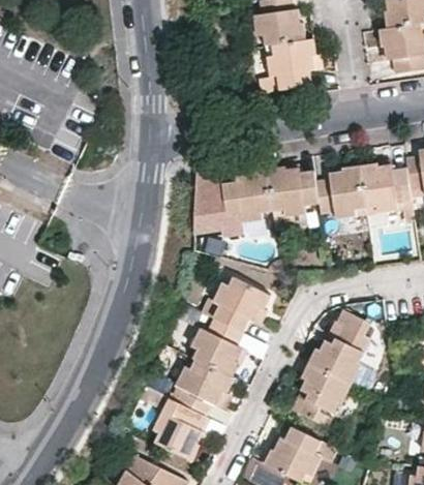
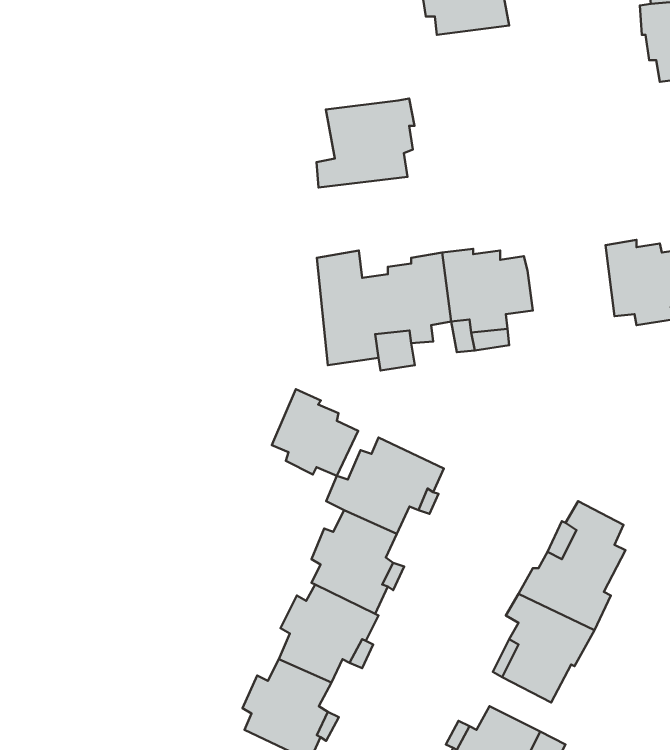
building: [259,39,314,90] -> [317,99,415,188]
building: [315,165,365,216] -> none
building: none -> [272,389,358,476]

